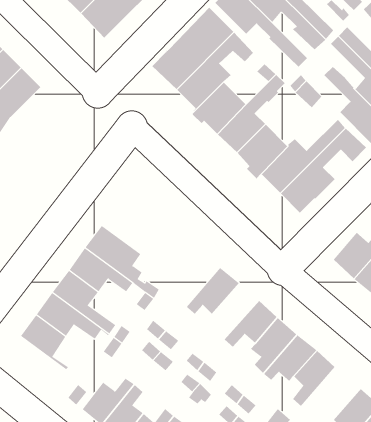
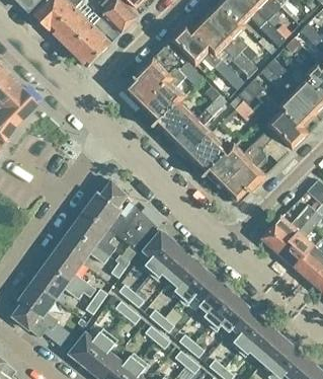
building: none -> [84,180,157,250]
building: none -> [140,231,175,275]
building: none -> [169,256,206,300]
building: none -> [12,297,57,337]
building: none -> [238,321,279,359]

